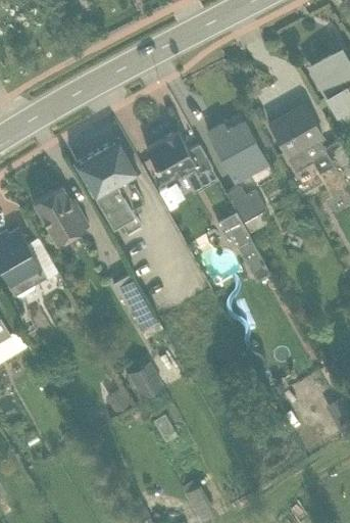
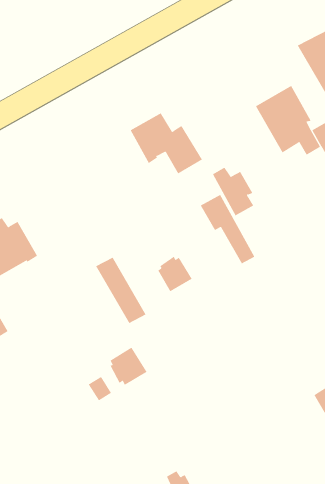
building: [206,121,266,183] -> none
building: [76,139,140,233] -> none
building: [32,185,88,243] -> none
building: none -> [158,256,192,292]

